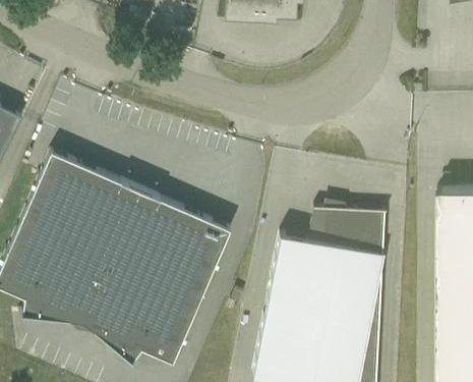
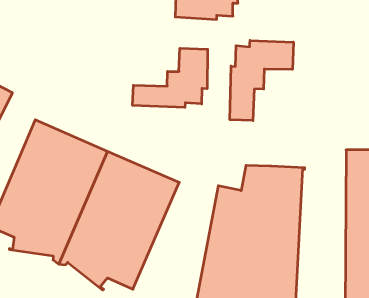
building: none -> [230,40,293,121]
building: none -> [133,48,208,107]

